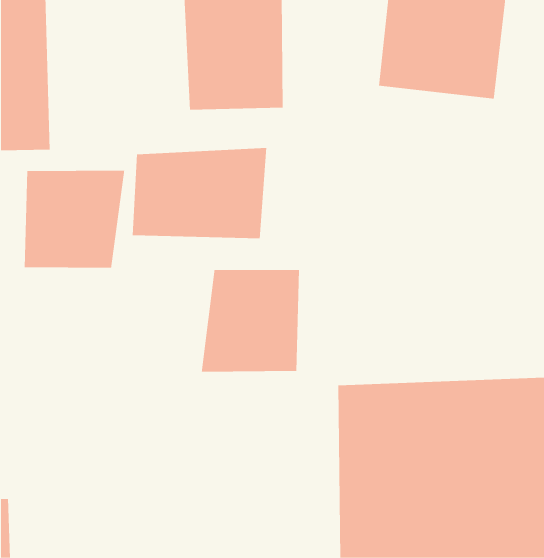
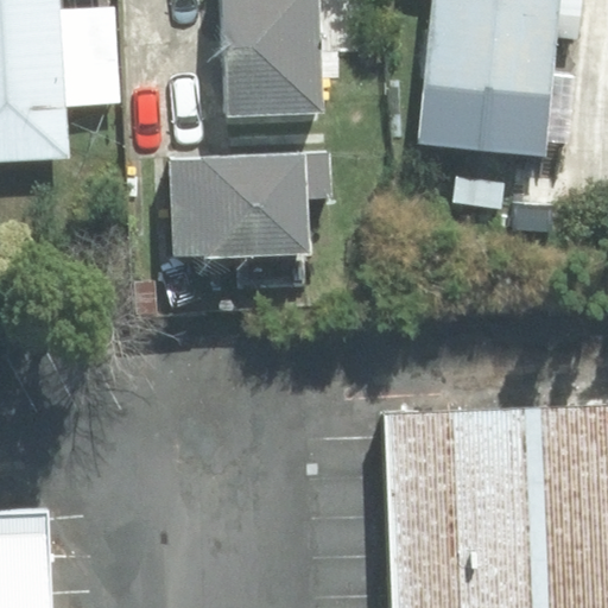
building: [24,170,125,268] -> none
building: [201,269,299,373] -> none

